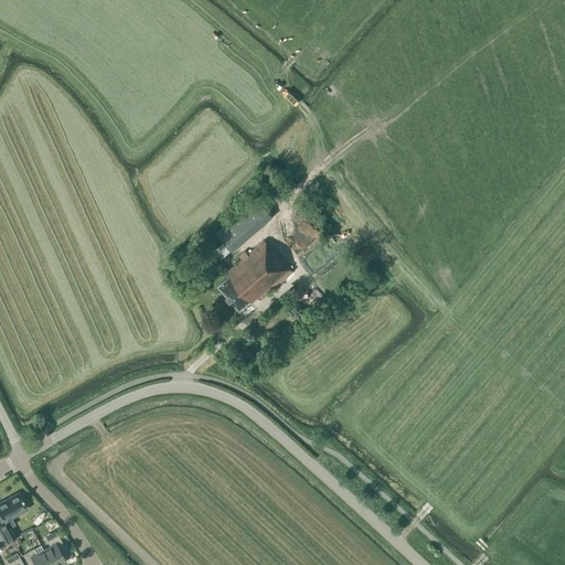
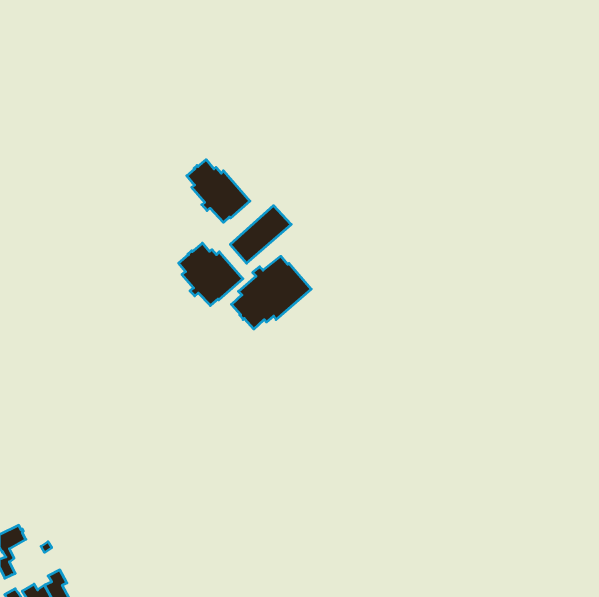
building: none -> [187,160,250,222]
building: none -> [179,243,243,306]

